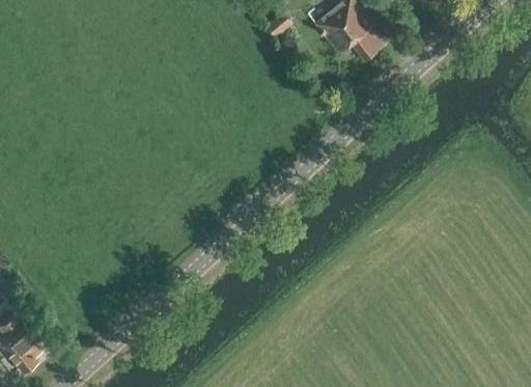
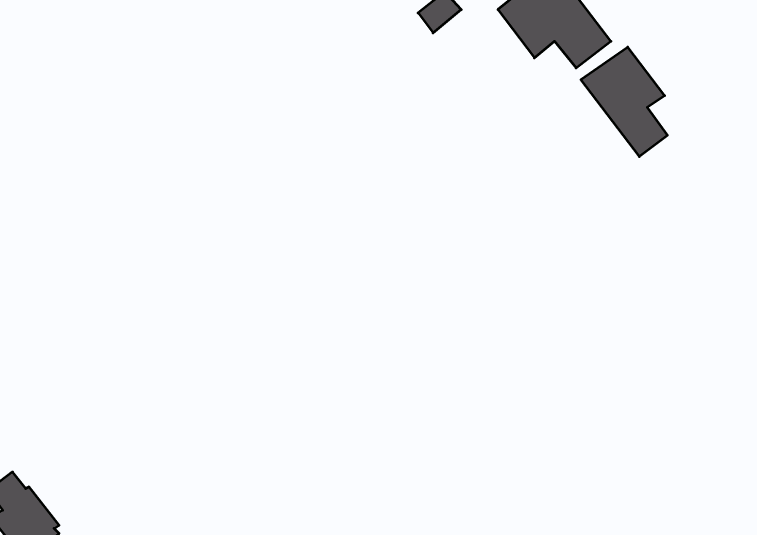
building: none -> [581,47,667,157]

